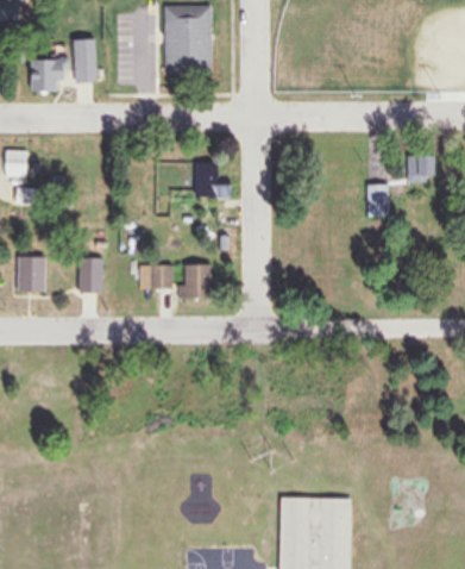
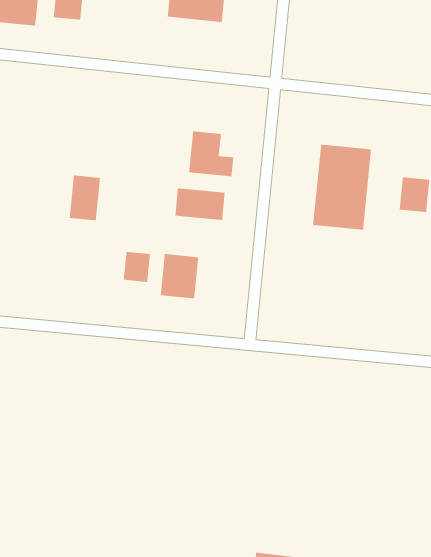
building: none -> [312,144,372,231]
building: none -> [174,187,226,221]
building: [80,257,102,293] -> [69,175,101,221]

